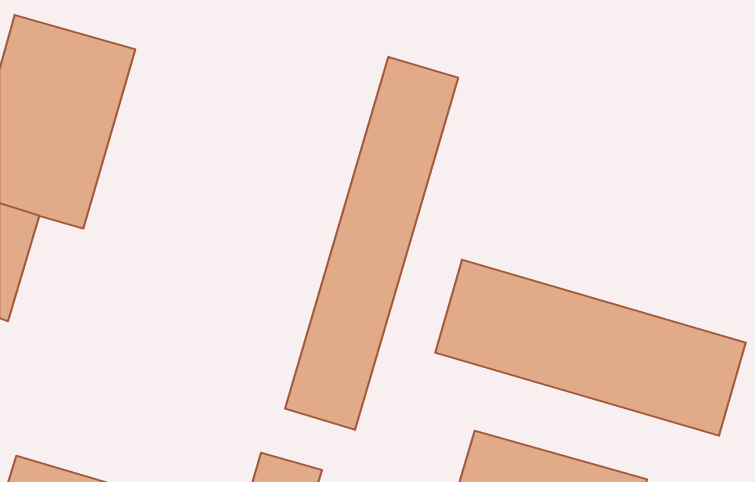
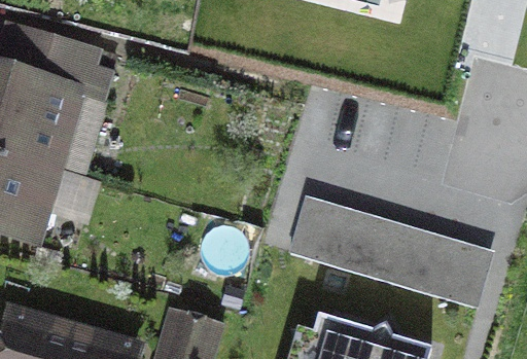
building: [285,57,458,430] -> none

